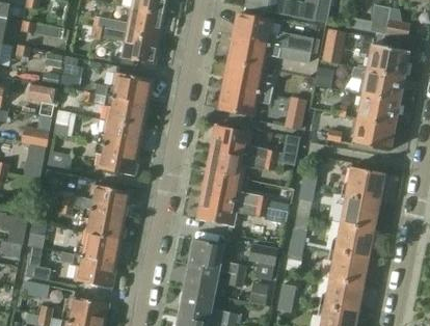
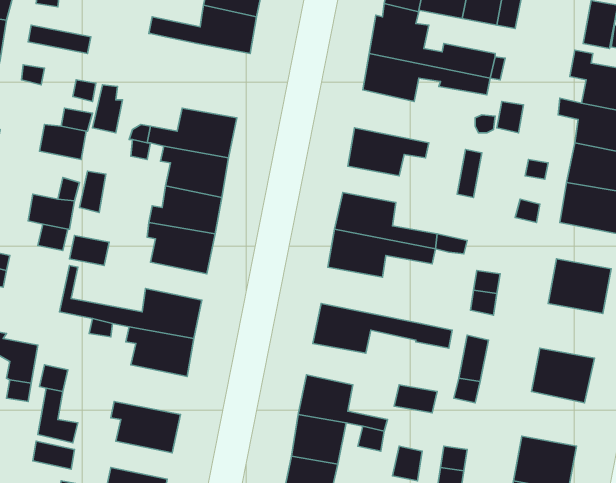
building: [93,25,159,63] -> none
building: [323,29,345,63] -> none
building: [224,60,272,93] -> none
building: [204,171,268,207] -> none
building: [341,194,380,228] -> none
building: [74,233,119,264] -> none
building: [329,249,369,283] -> none

